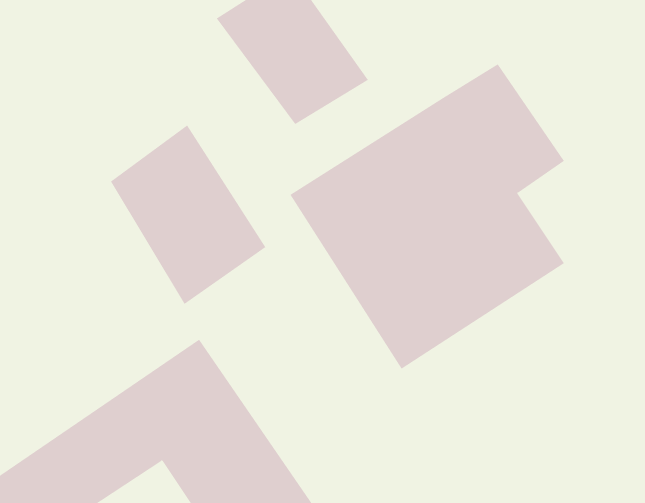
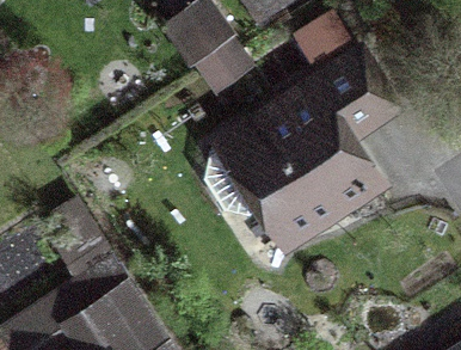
building: [110,124,266,305] -> none

